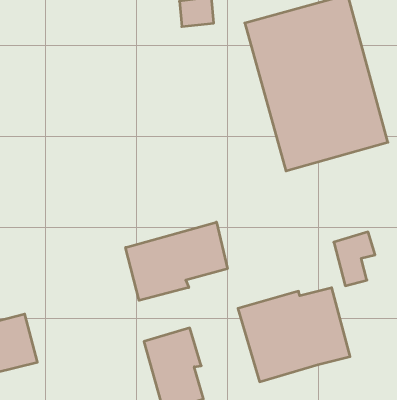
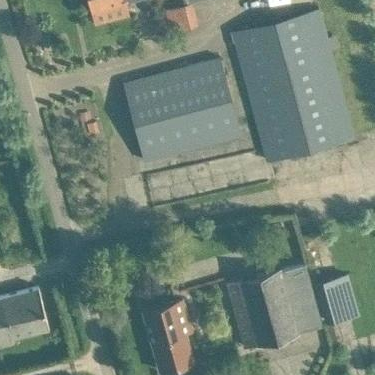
building: none -> [124,62,237,164]
building: [126,222,227,300] -> none
building: [334,232,375,286] -> [318,276,354,323]

